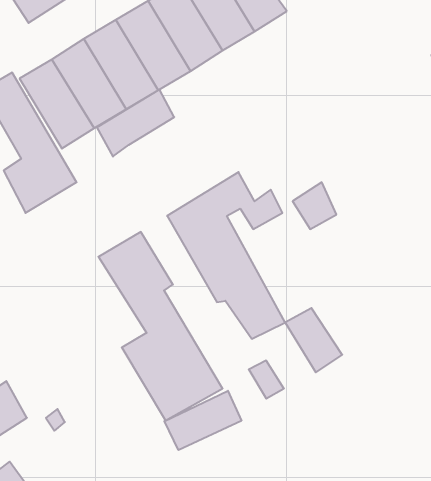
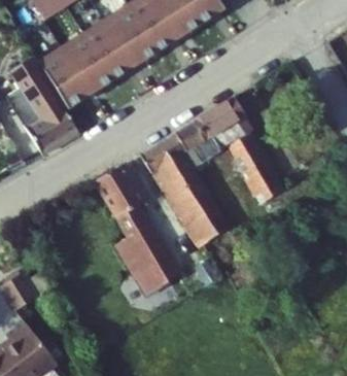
building: [97,89,174,157] -> [189,98,244,145]
building: [285,308,342,372] -> [240,155,280,200]
building: [164,391,241,450] -> none

